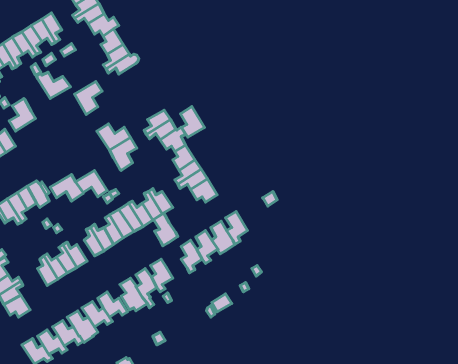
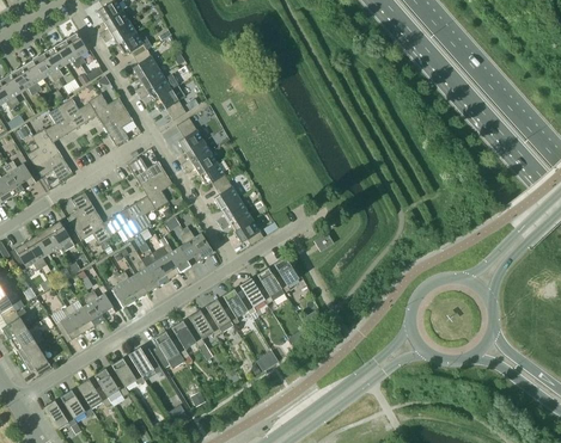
building: none -> [152,85,185,119]
building: none -> [87,93,126,123]
building: none -> [45,105,74,142]
building: [180,106,205,137] -> [176,117,203,152]
building: none -> [35,150,72,180]
building: none -> [67,191,98,228]
building: none -> [124,195,153,232]
building: [153,213,178,246] -> [205,299,232,336]

